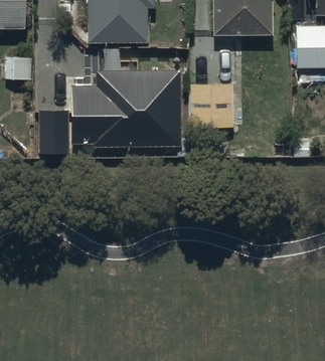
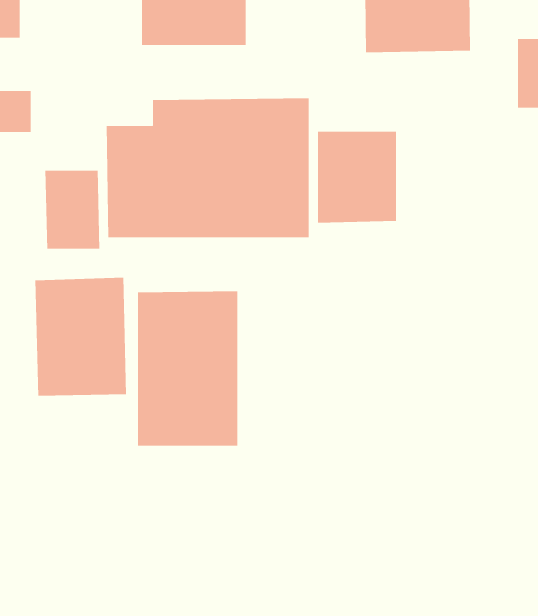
building: none -> [35,277,127,397]
building: none -> [137,290,238,447]

